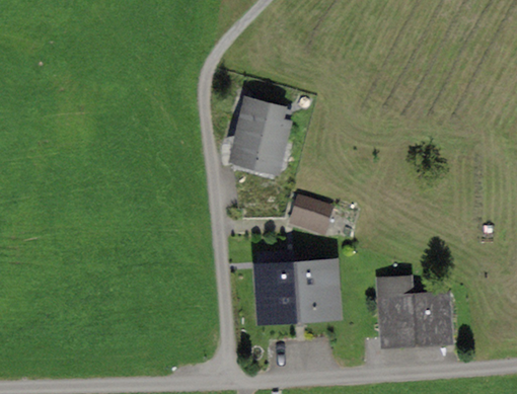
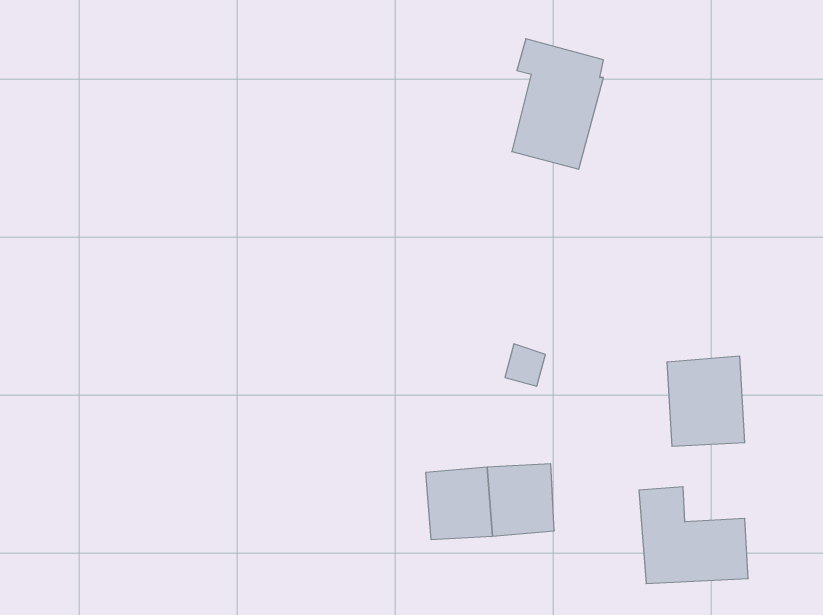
building: [237,95,290,170] -> [512,39,603,169]
building: none -> [667,356,745,446]

